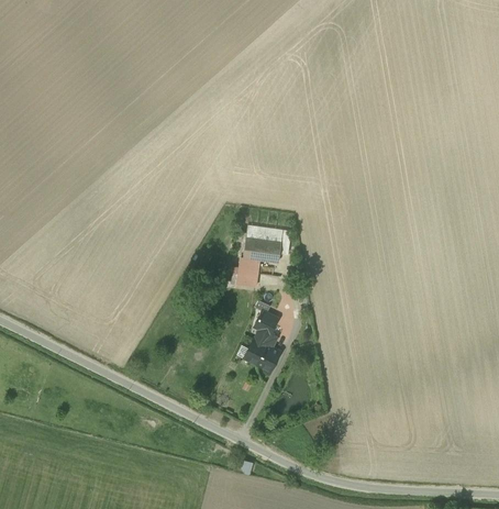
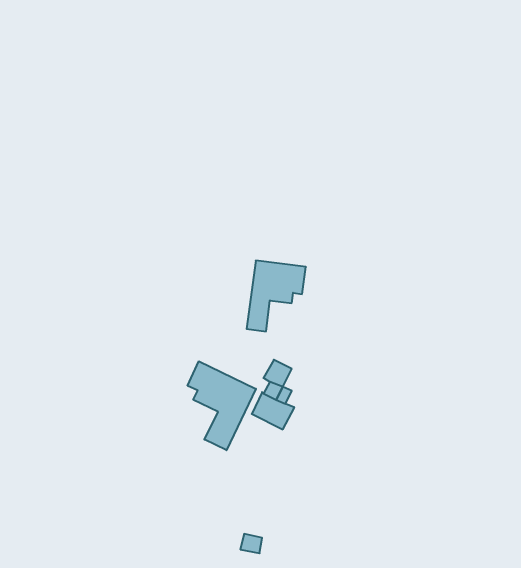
building: none -> [188,361,256,450]

